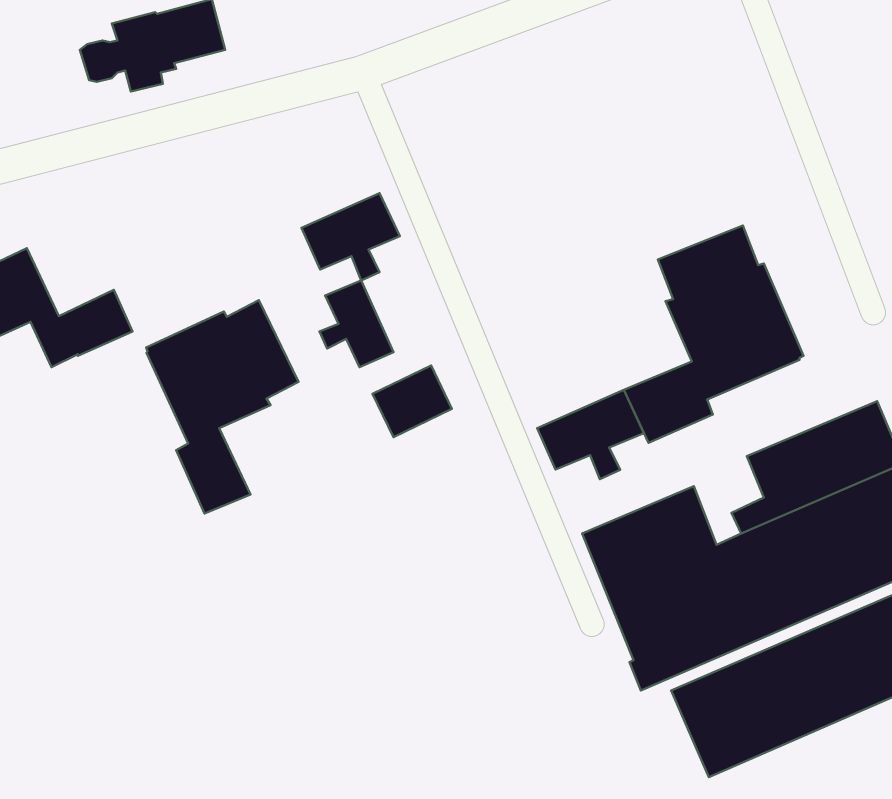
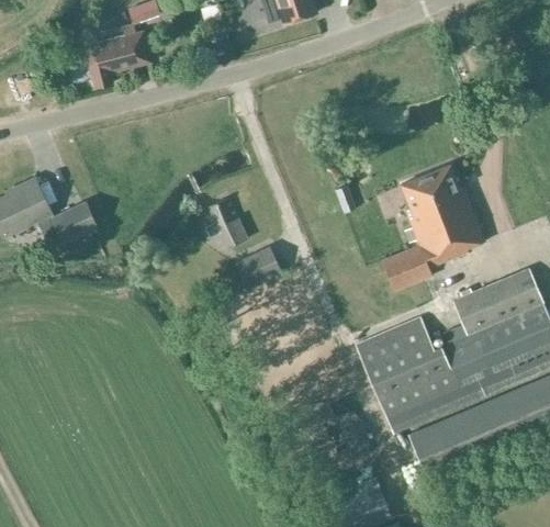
building: [302,193,400,280] -> none
building: [146,300,298,514] -> none
building: [537,390,644,479] -> none

